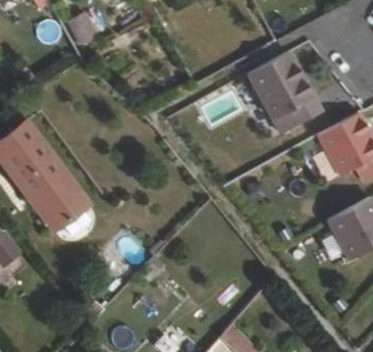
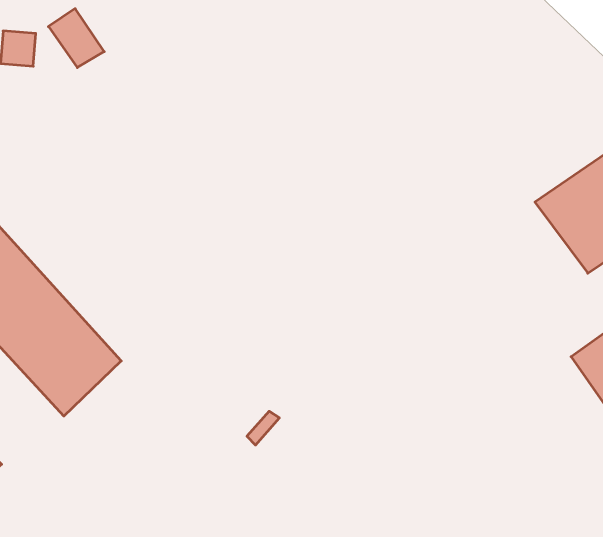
building: [247,55,321,128] -> none

